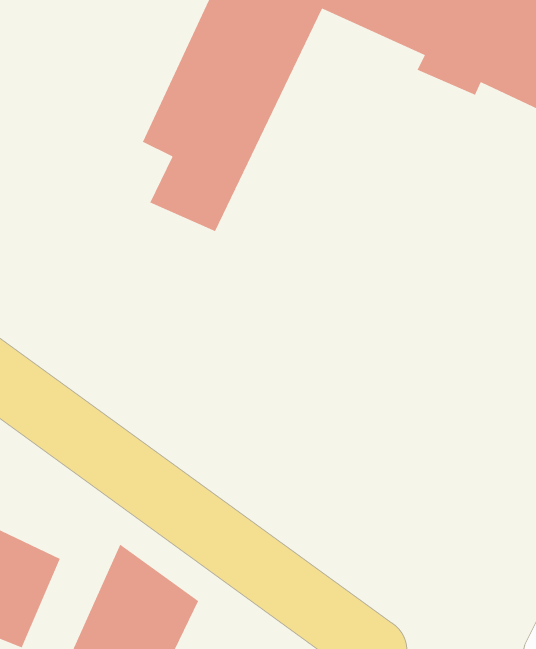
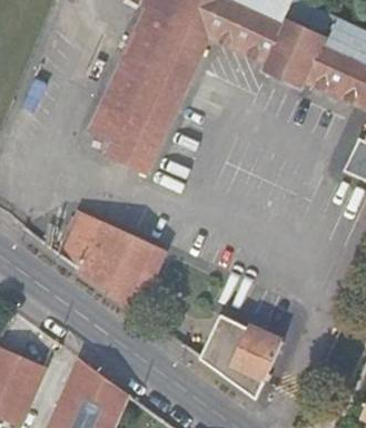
building: none -> [60,210,167,312]
building: none -> [201,313,283,398]

